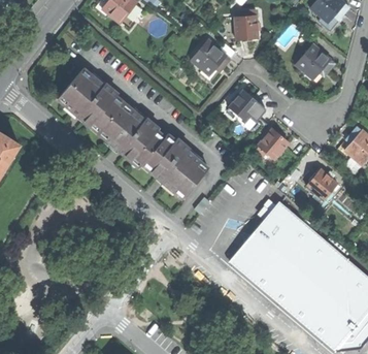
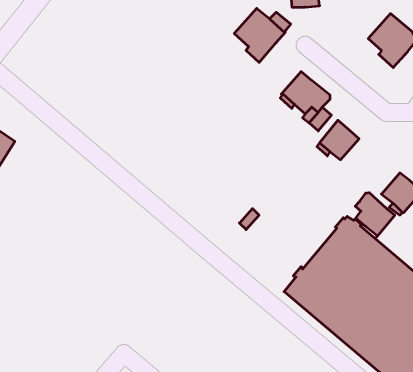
building: [58,68,208,199] -> none
building: none -> [355,193,395,237]

